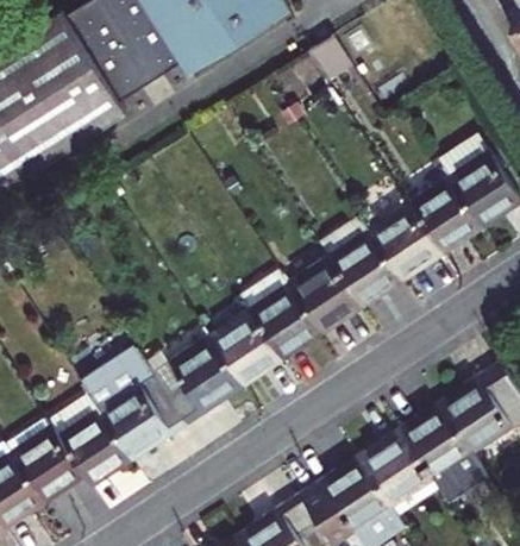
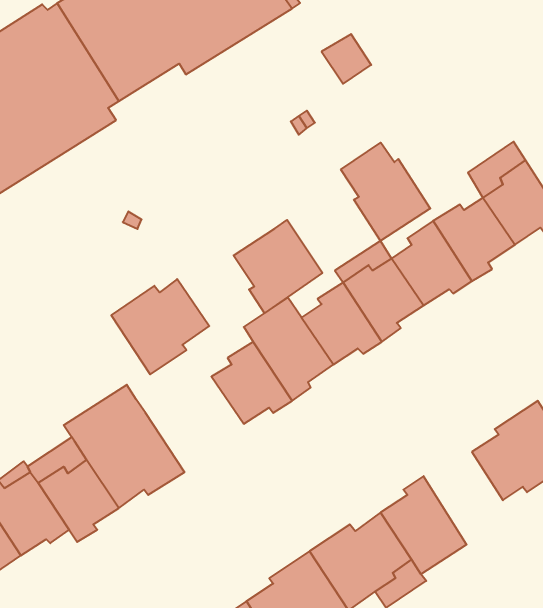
building: none -> [341,143,430,241]
building: none -> [234,220,322,313]
building: [152,340,239,425] -> [111,279,209,374]
building: [399,407,487,503] -> none

